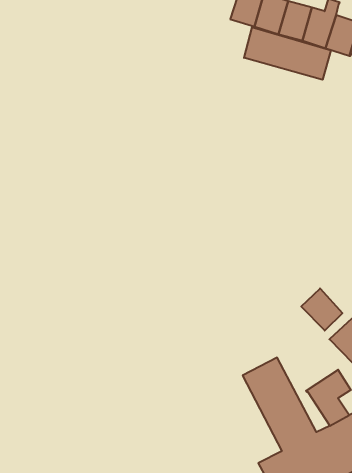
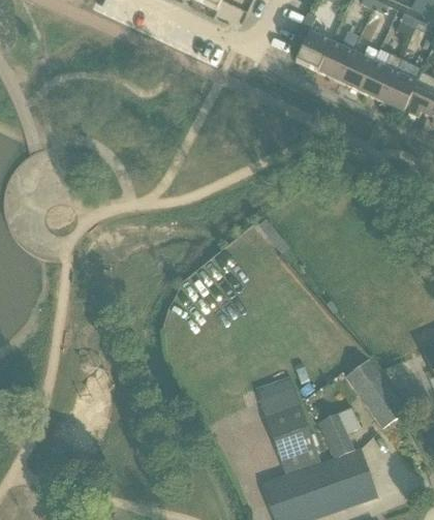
building: [244,27,331,80] -> none
building: [301,288,342,331] -> none

